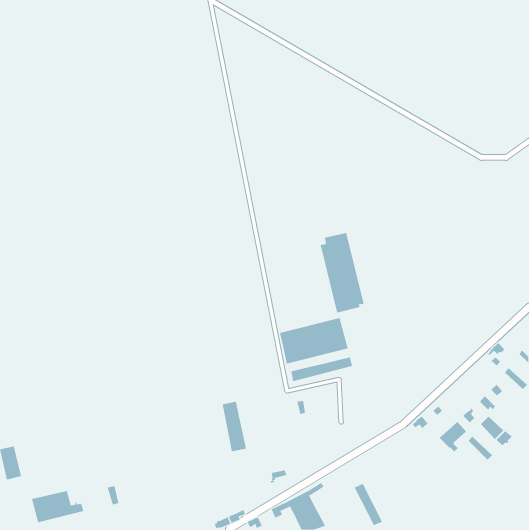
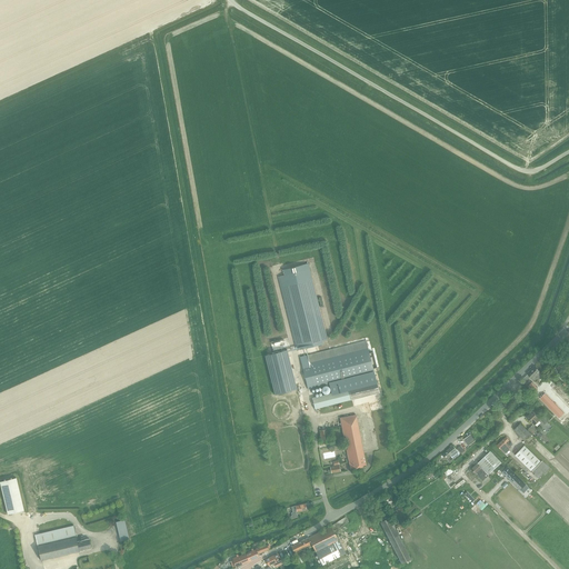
building: [320,232,365,313] -> [279,263,327,350]
building: none -> [264,350,296,395]
building: [222,401,247,452] -> [339,415,366,469]

